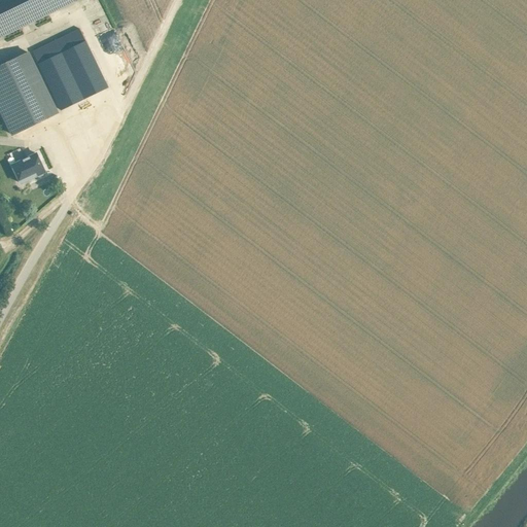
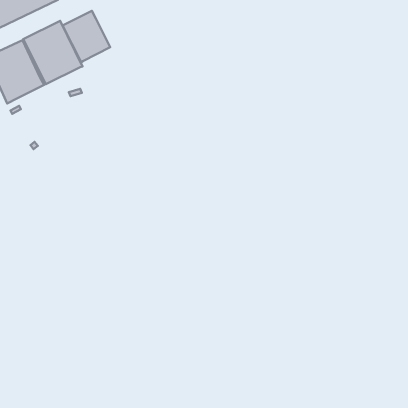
building: none -> [62,11,110,62]
building: [9,151,43,181] -> none

